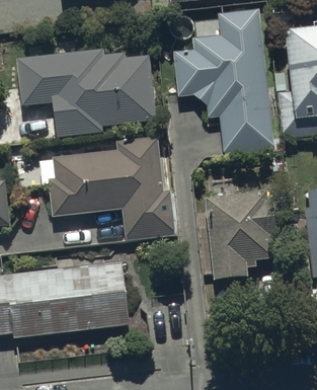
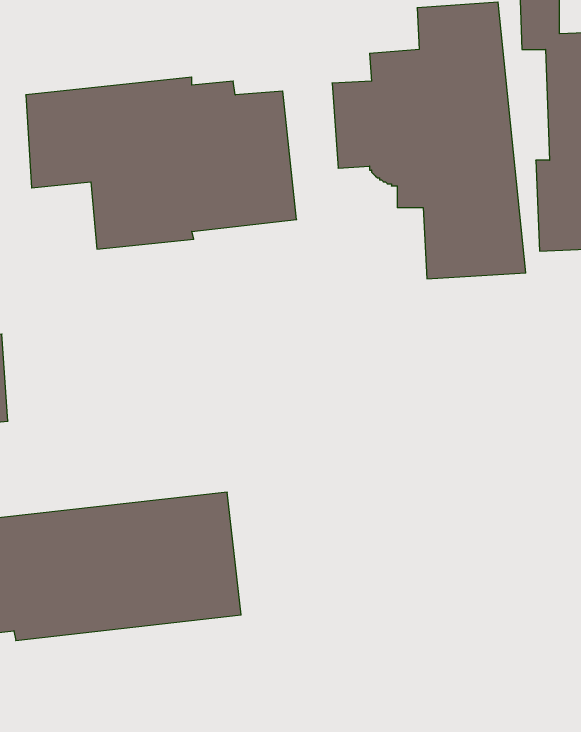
building: [38,136,175,239] -> none
building: [204,190,278,283] -> none

